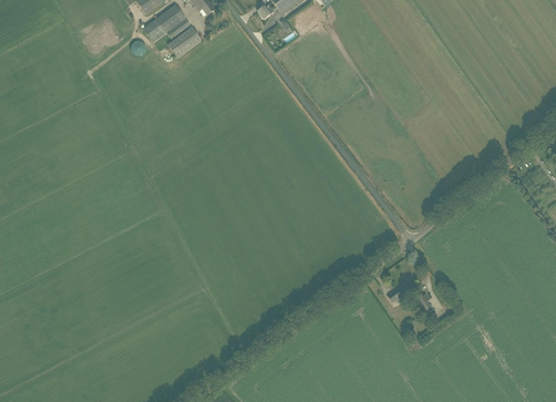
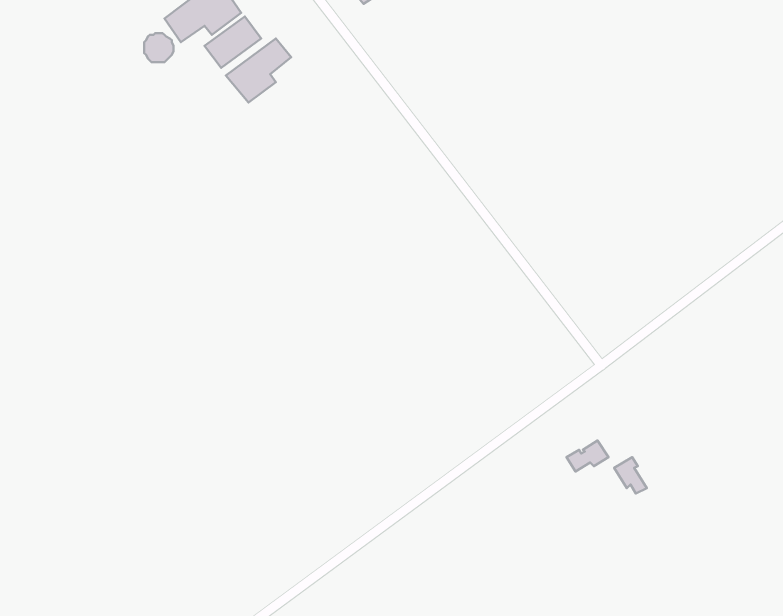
building: none -> [226,38,291,103]

